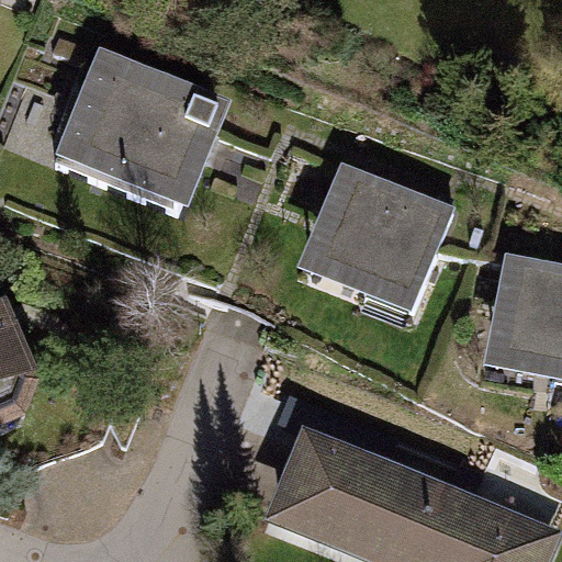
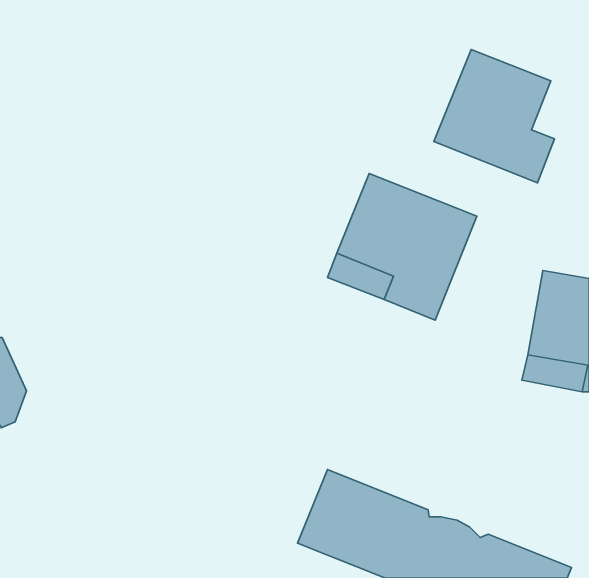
building: none -> [434,49,555,183]
building: [55,58,216,206] -> none

